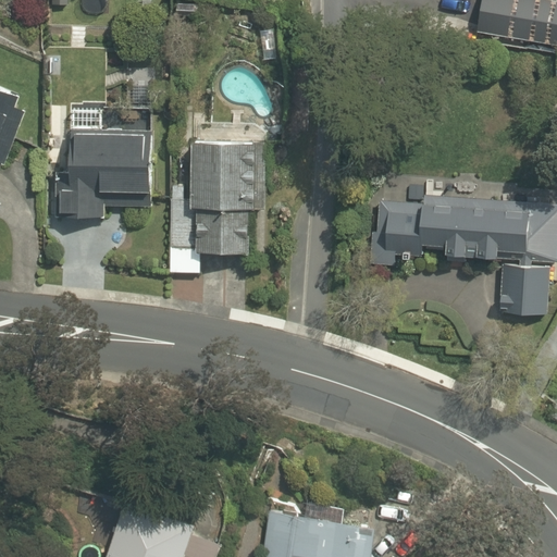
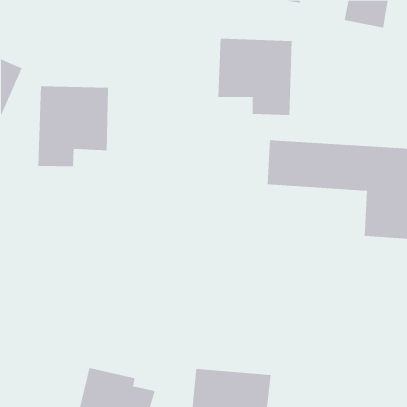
building: none -> [218,38,292,116]
building: [176,132,263,256] -> none

